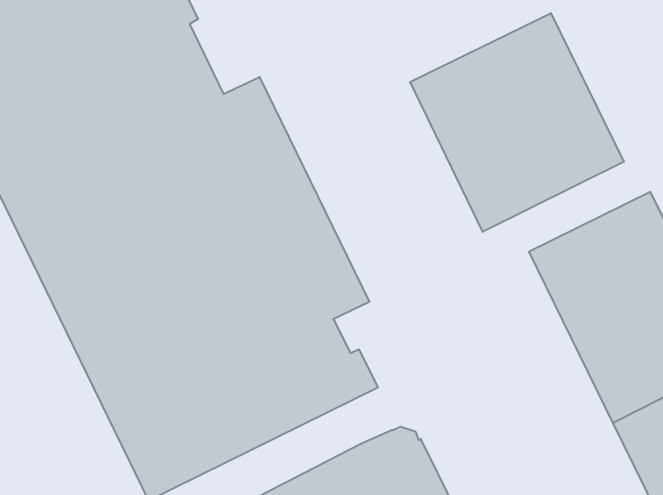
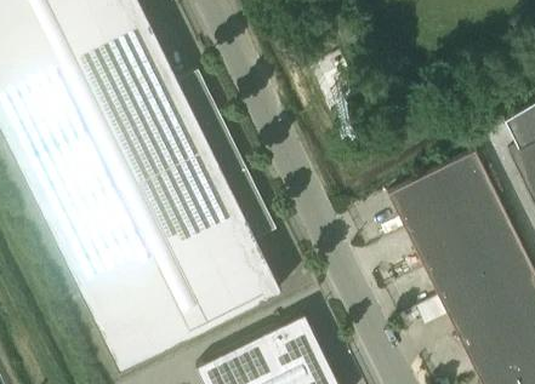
building: [410,13,624,232] -> none

